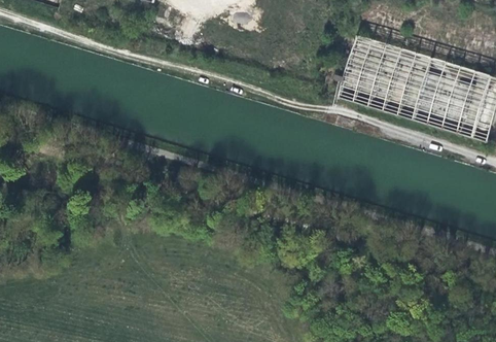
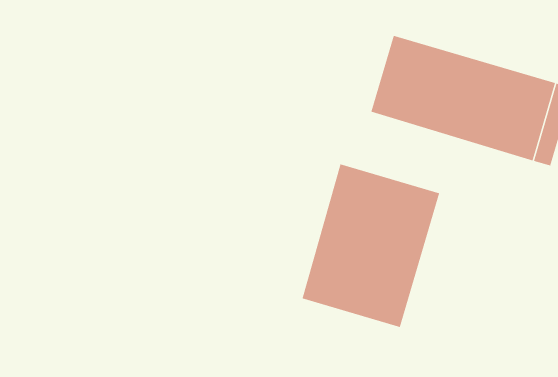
building: none -> [302,163,440,328]

